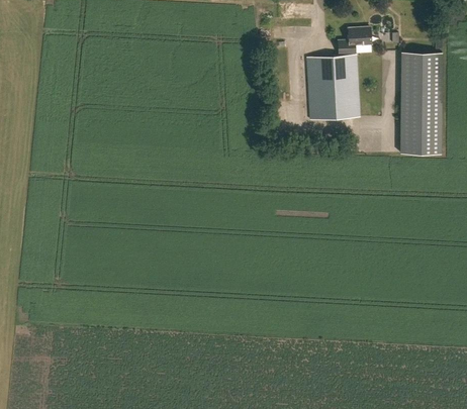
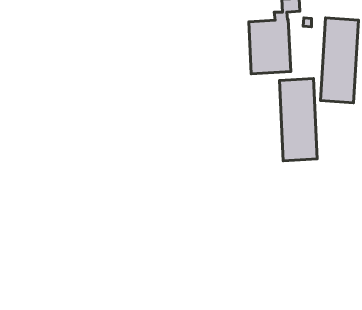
building: none -> [279,79,317,161]

